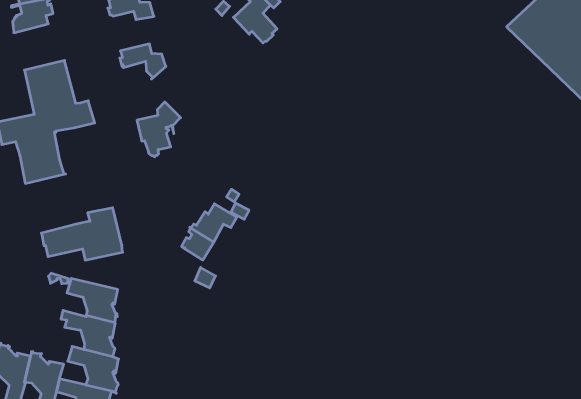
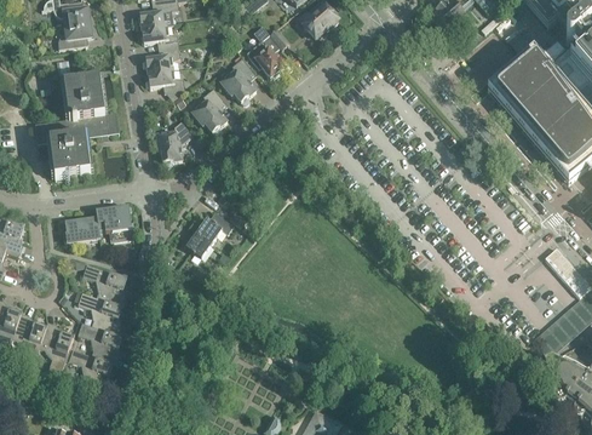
building: none -> [144,45,180,71]
building: none -> [220,56,257,102]
building: none -> [191,86,228,132]

